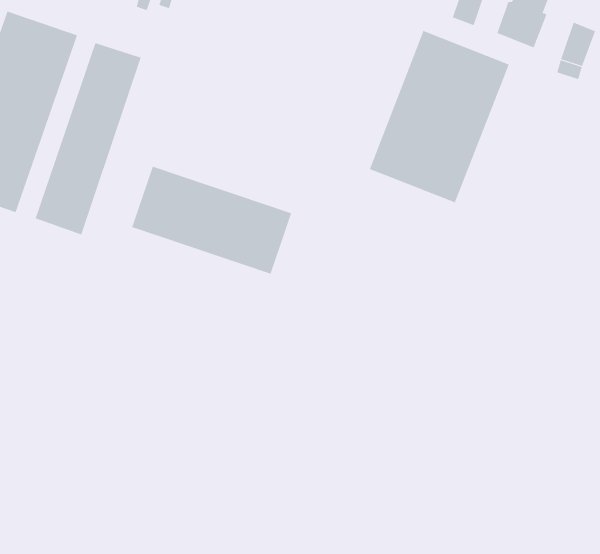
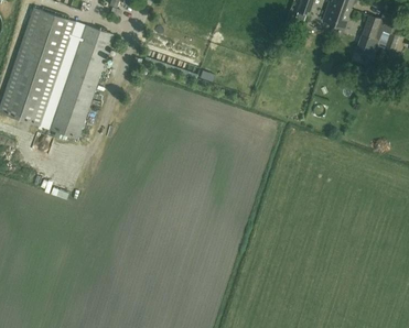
building: [369,30,509,203] -> none
building: [131,166,292,275] -> none

